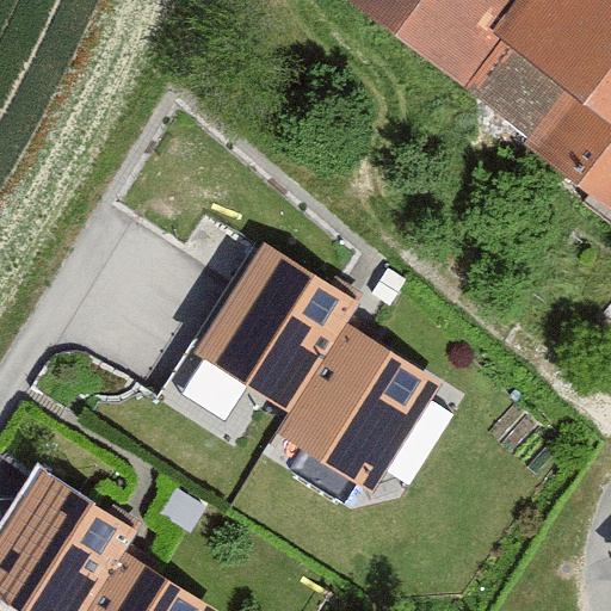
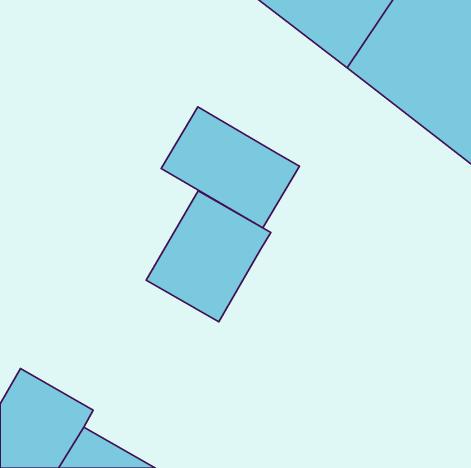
building: none -> [161,107,300,228]
building: [274,320,433,488] -> none

